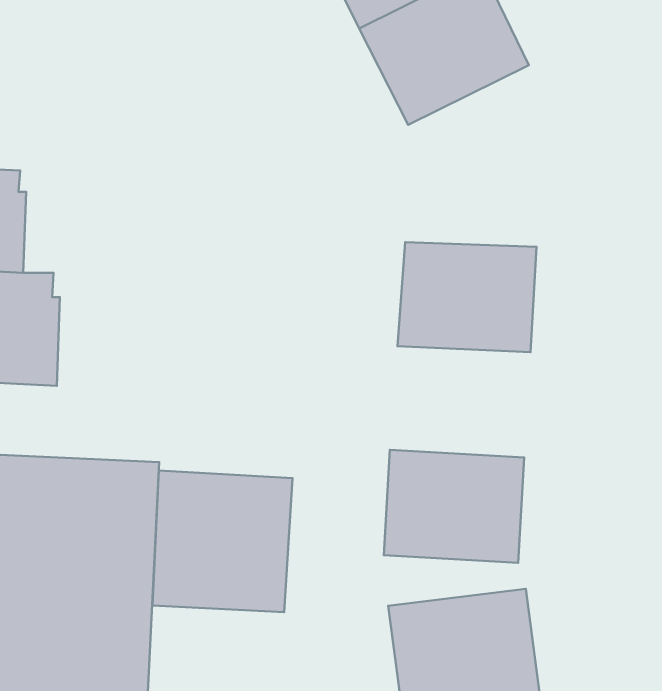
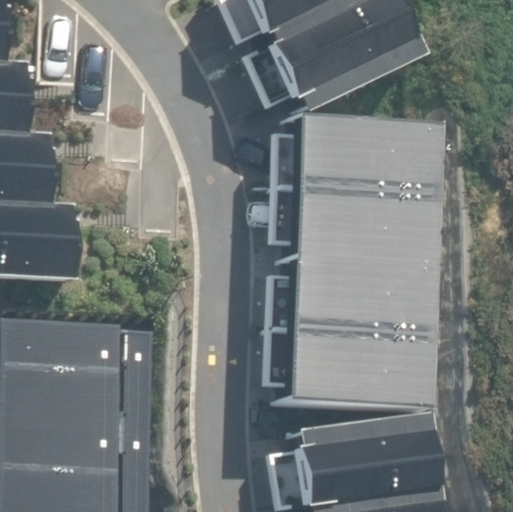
building: none -> [310,114,404,189]
building: none -> [300,257,396,332]
building: [152,471,292,612] -> none

